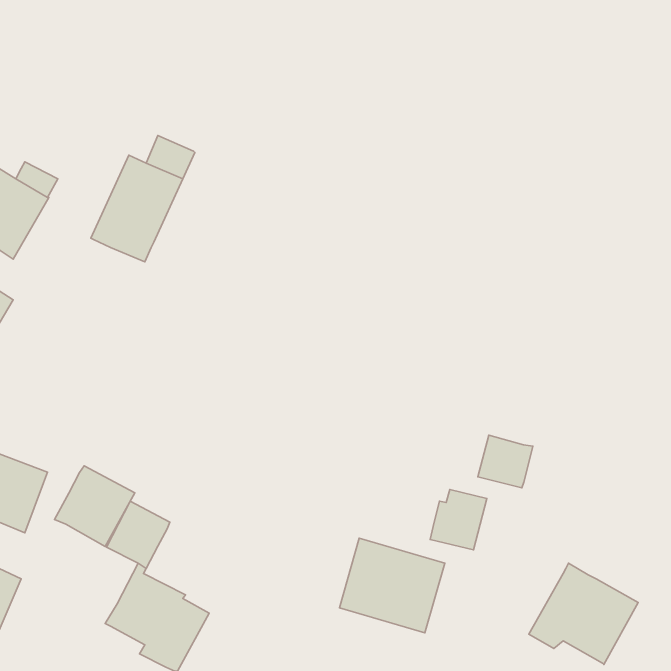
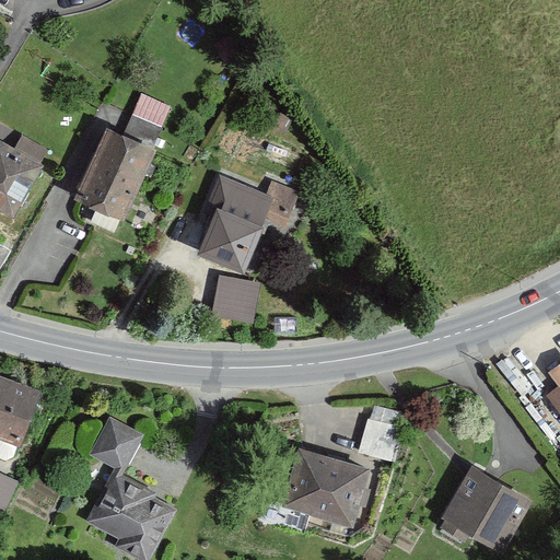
building: none -> [199,173,298,272]
building: none -> [209,273,259,325]
building: [478,435,533,488] -> none
building: [55,466,135,547] -> none

